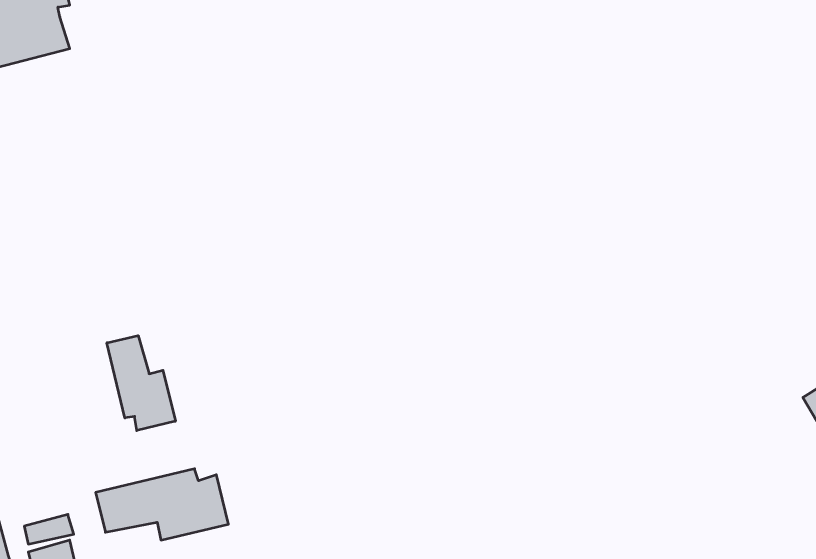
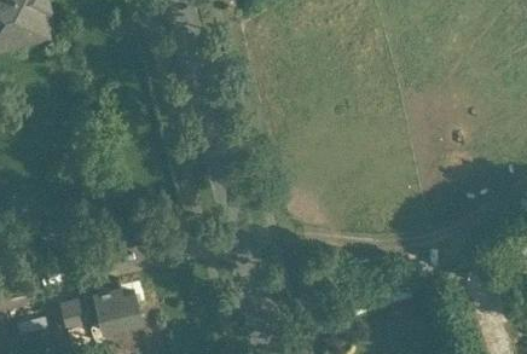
building: [107,336,175,431] -> none

